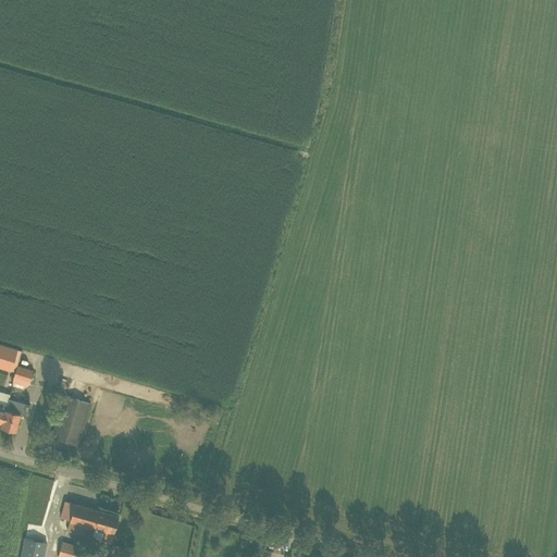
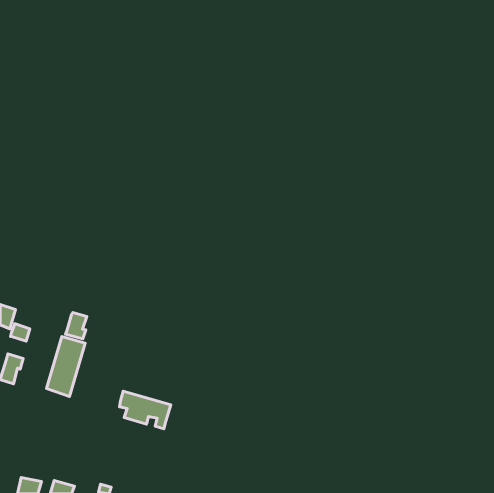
building: none -> [66,312,87,339]
building: [61,502,119,544] -> [119,391,171,429]

